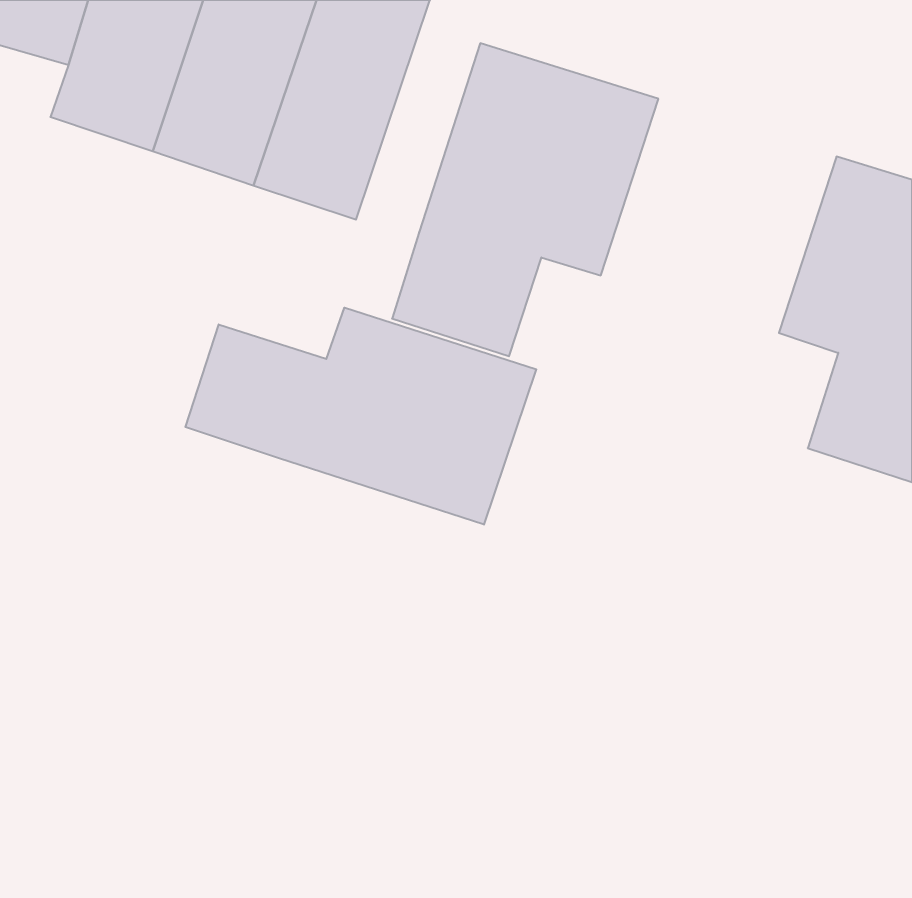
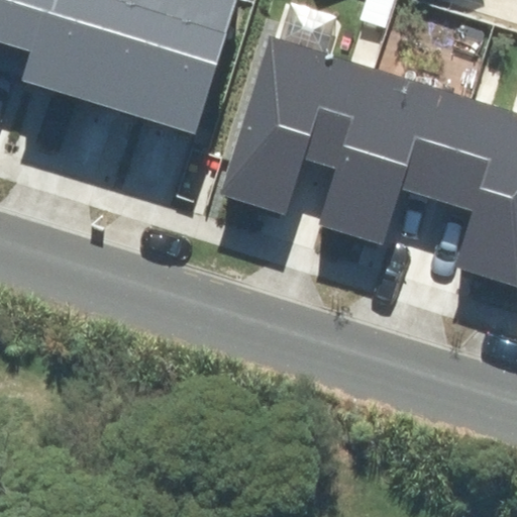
building: none -> [320,68,470,241]
building: [185,308,536,525] -> none

